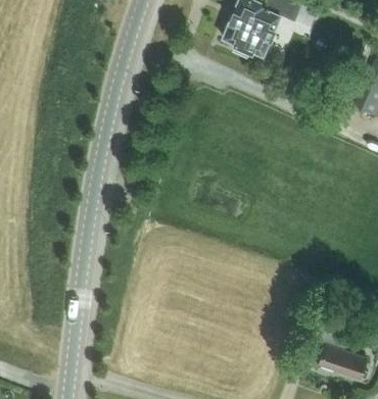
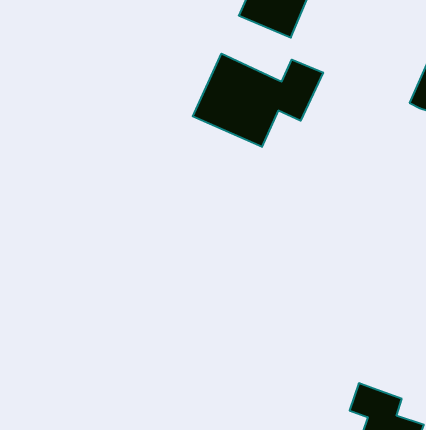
building: none -> [193,54,323,147]

